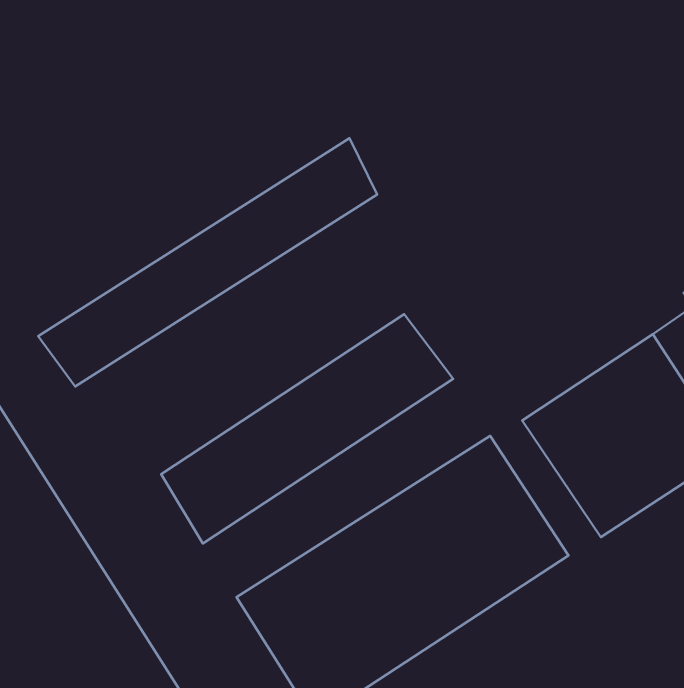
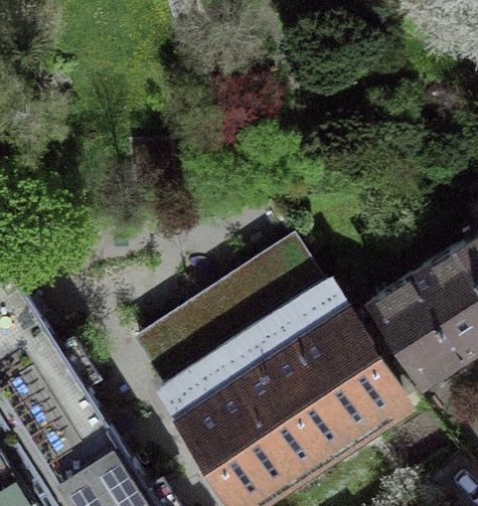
building: [38,138,377,386] -> none
building: none -> [162,285,350,428]

